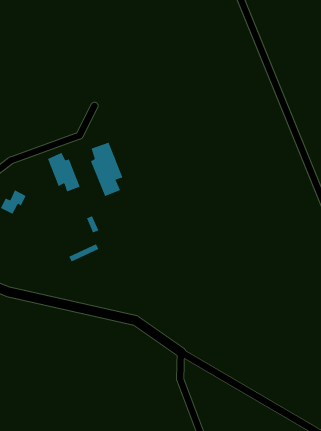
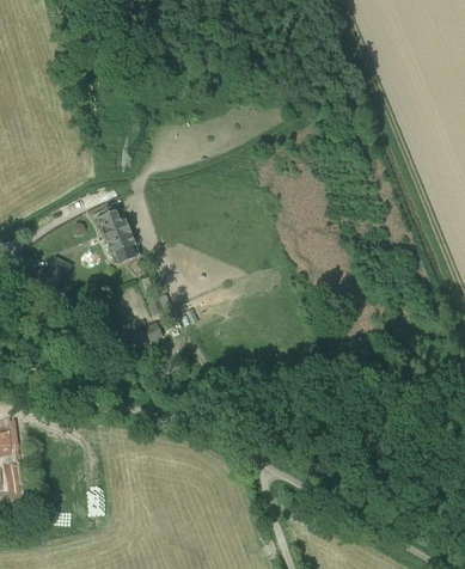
building: [90,142,123,197] -> none

